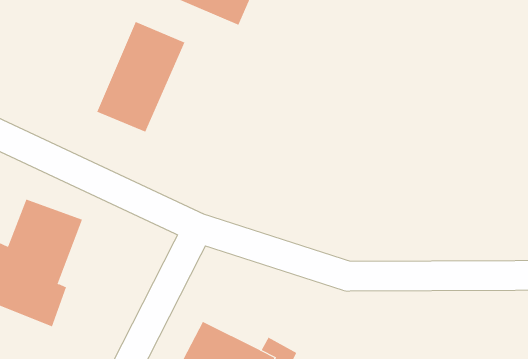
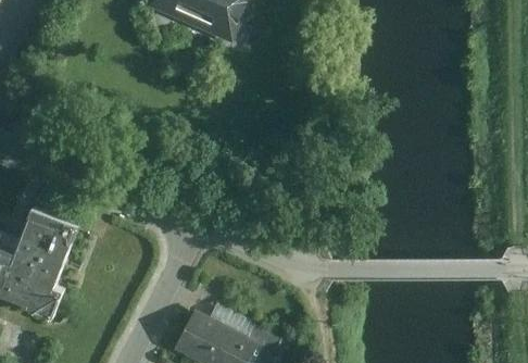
building: [96,21,185,132] -> none

